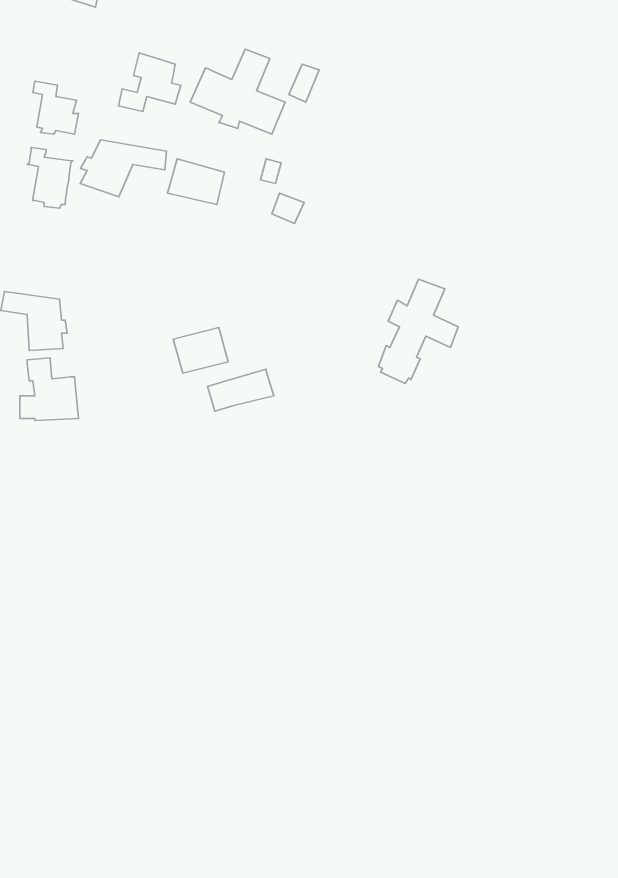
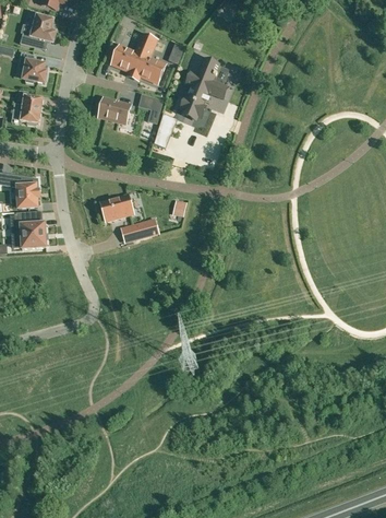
building: [118,53,181,112] -> [21,13,57,47]
building: [80,140,167,197] -> none
building: [379,279,458,384] -> [181,60,227,120]

